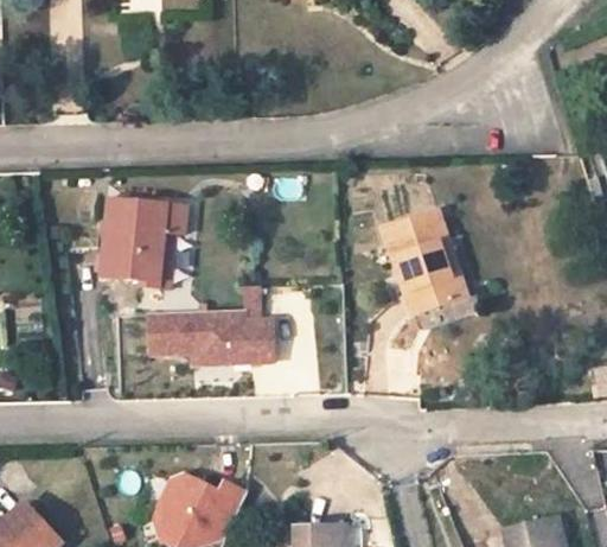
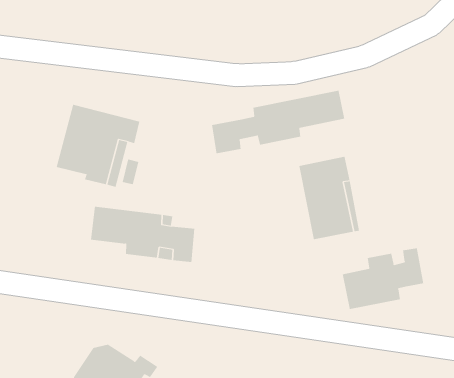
building: none -> [211,90,345,154]
building: none -> [342,247,424,310]

